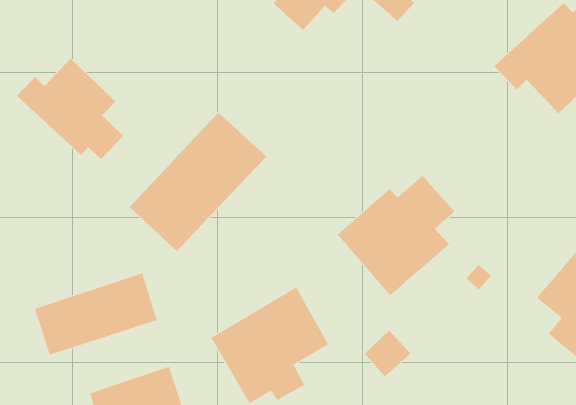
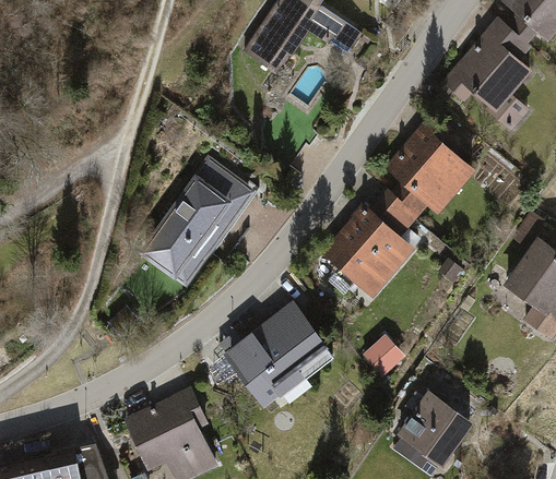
building: [16,58,124,160] -> none
building: none -> [386,120,485,219]
building: [34,273,157,355] -> none

